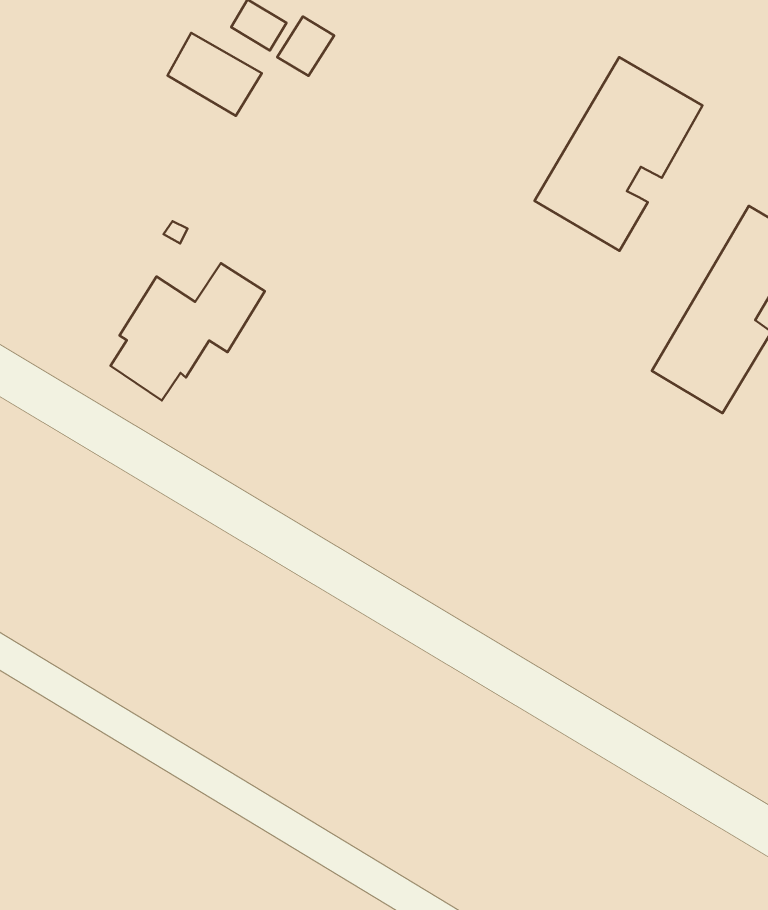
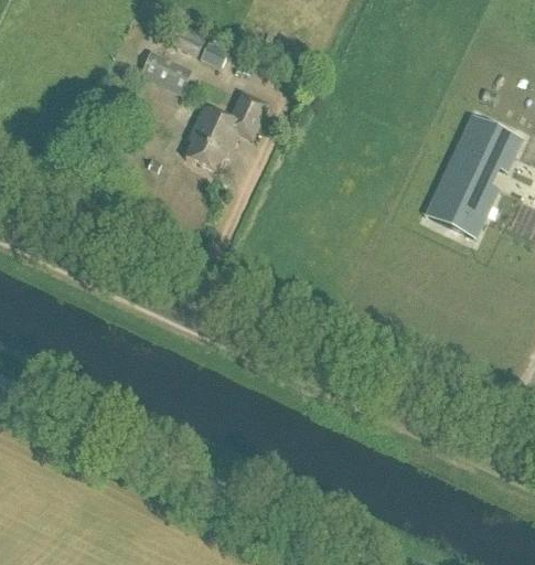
building: [535,57,703,251] -> none
building: [110,263,265,400] -> [185,90,268,171]

